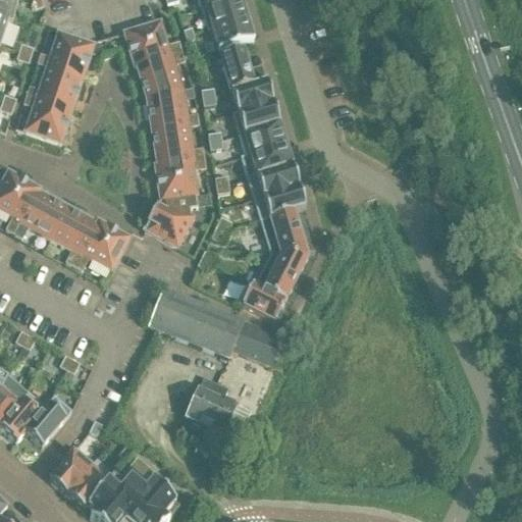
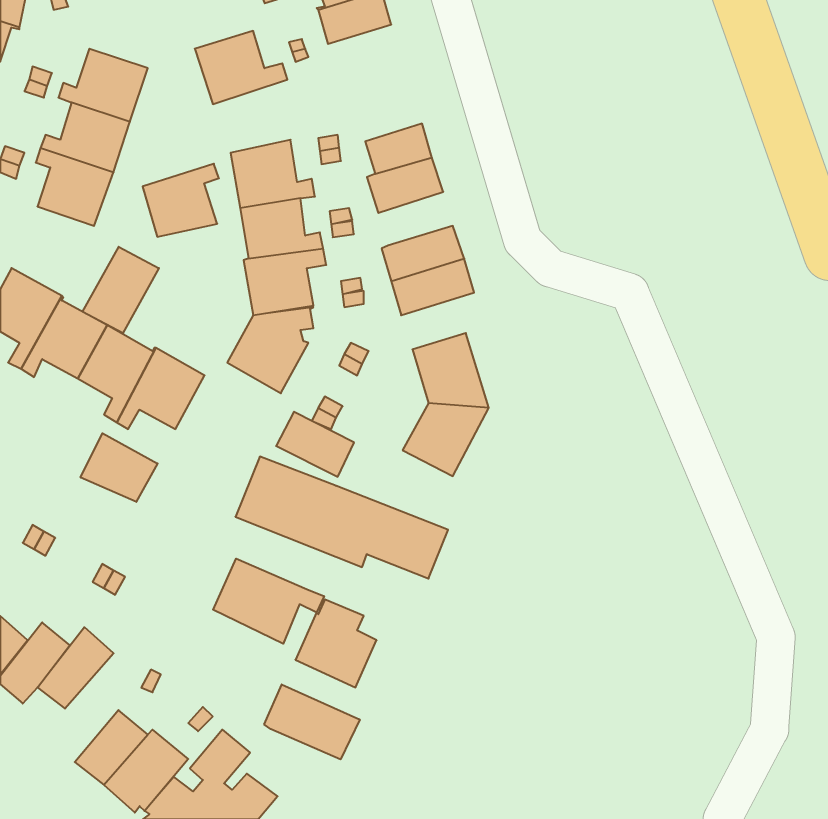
building: [207,15,254,48] -> none
building: [219,46,266,89] -> none
building: [137,50,185,96] -> [143,164,219,237]
building: [239,120,285,154] -> none
building: none -> [83,247,159,333]
building: [253,184,305,219] -> none
building: none -> [81,433,158,502]
building: [237,279,285,320] -> [276,412,354,477]
building: none -> [213,559,324,644]
building: none -> [264,684,360,759]

